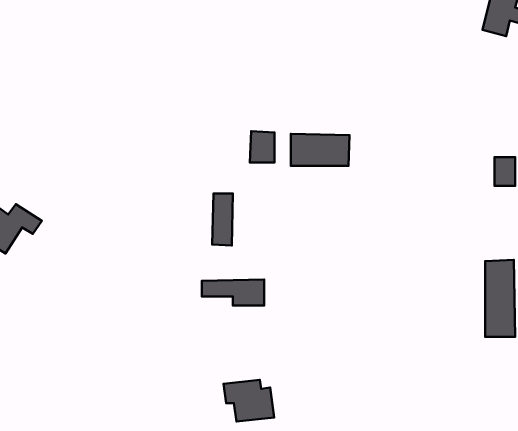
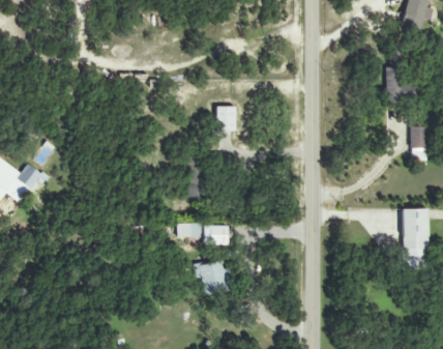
building: none -> [384,67,406,103]
building: [291,134,350,166] -> none
building: [224,380,274,421] -> [193,261,233,294]

